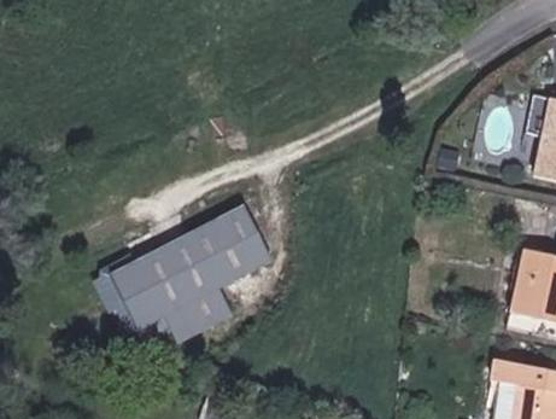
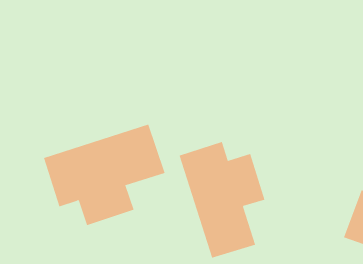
building: none -> [179,141,265,258]

